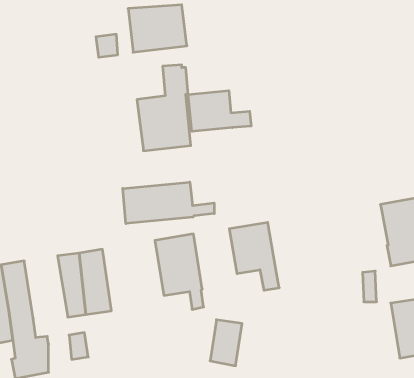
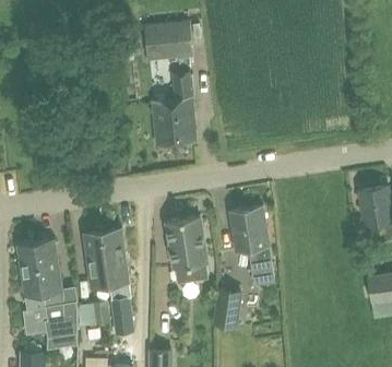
building: [188,91,251,131] -> none
building: [123,182,214,224] -> none
building: none -> [110,298,134,335]

